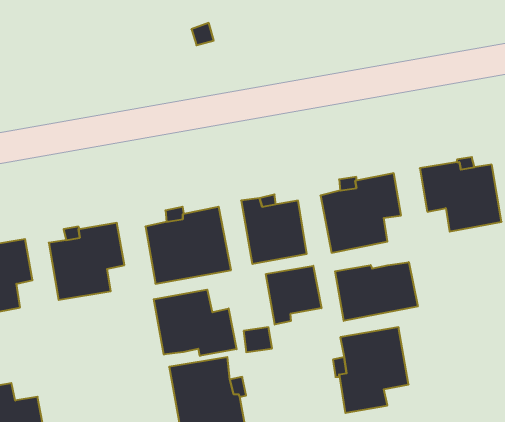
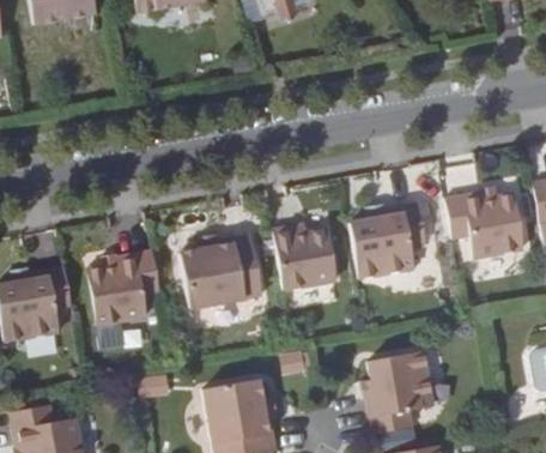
building: [335,262,418,321] -> none
building: [266,266,321,325] -> none
building: [154,290,237,356] -> none

